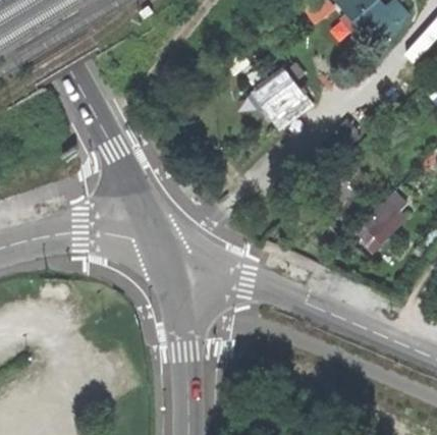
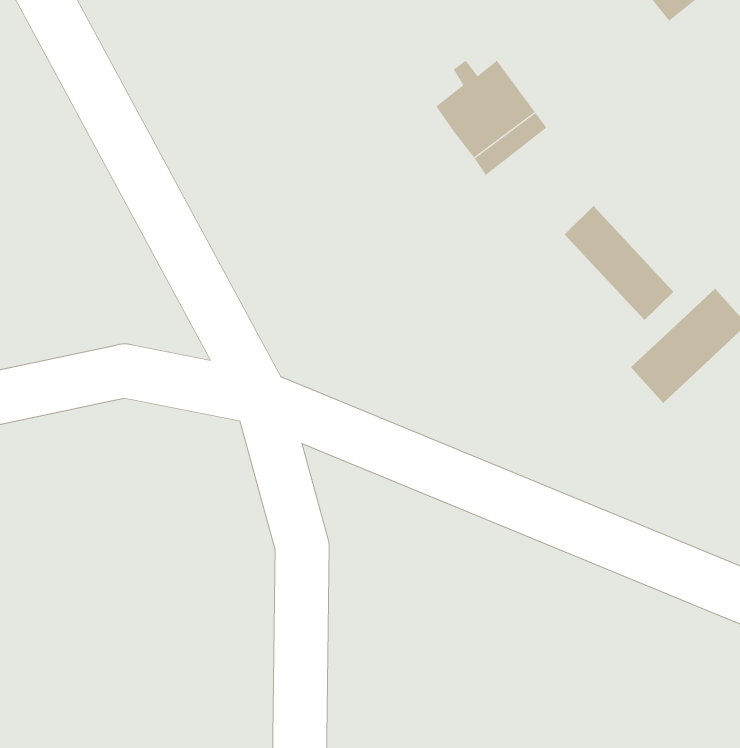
building: none -> [564,205,674,321]

